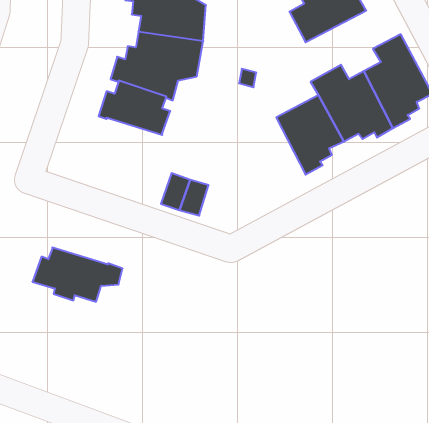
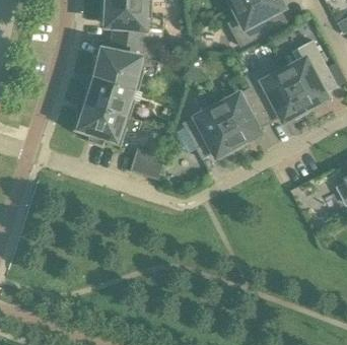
building: none -> [182,104,238,157]
building: [32,247,123,302] -> [71,104,140,145]

